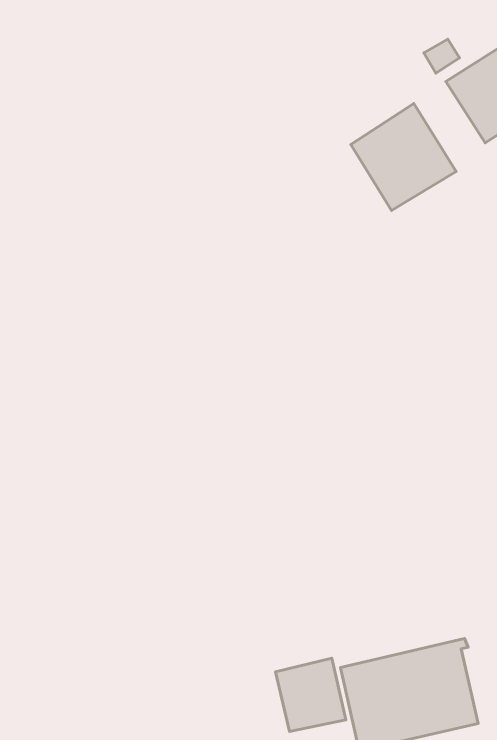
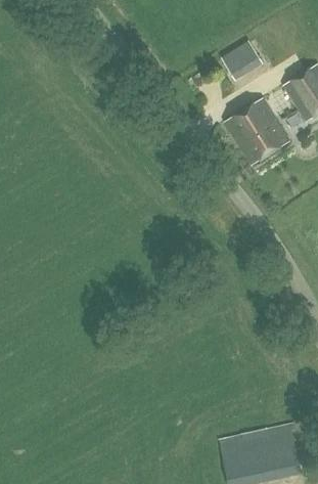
building: none -> [221,42,256,73]
building: [275,658,346,732] -> none

